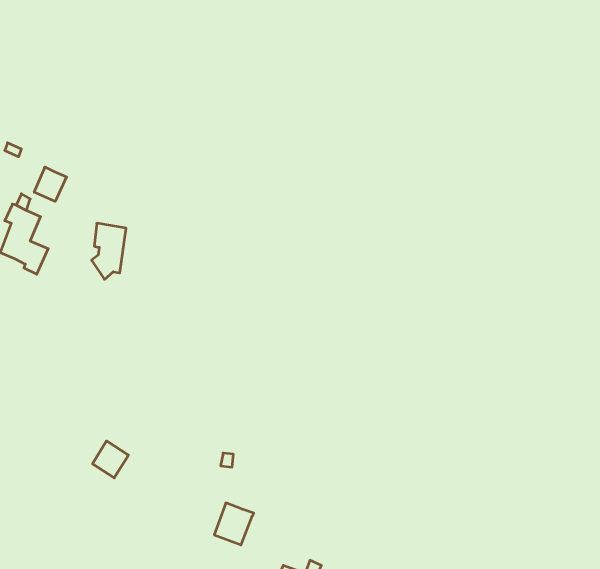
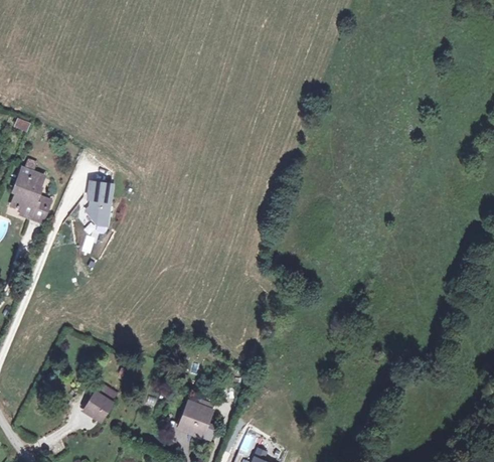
building: [34,167,67,201] -> none
building: [93,441,128,478] -> [84,393,112,422]

